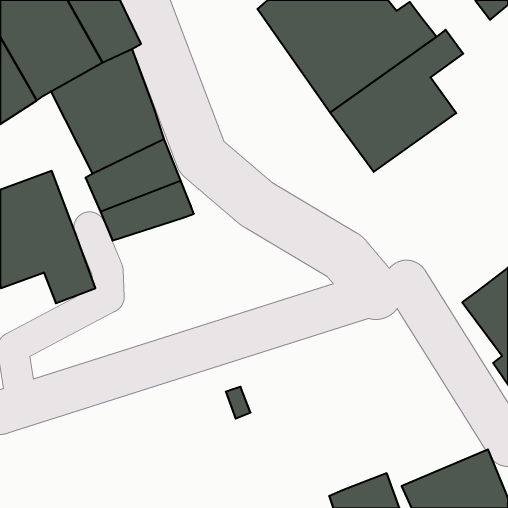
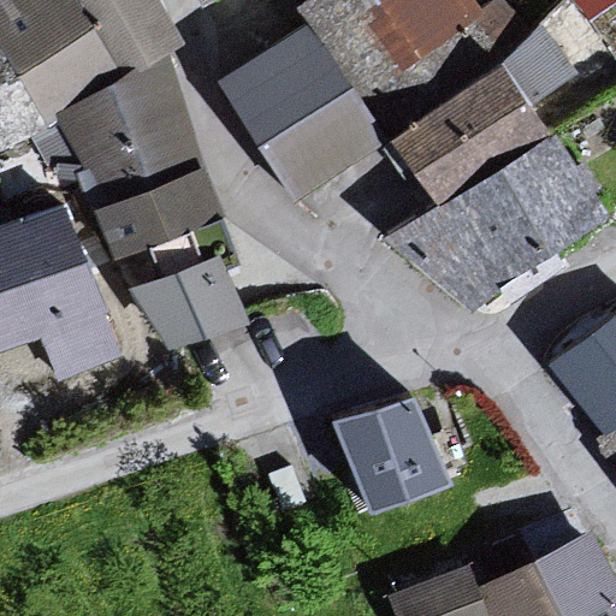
building: none -> [230,34,373,192]
building: none -> [408,137,598,297]
building: none -> [136,263,242,345]
building: none -> [350,404,440,503]

